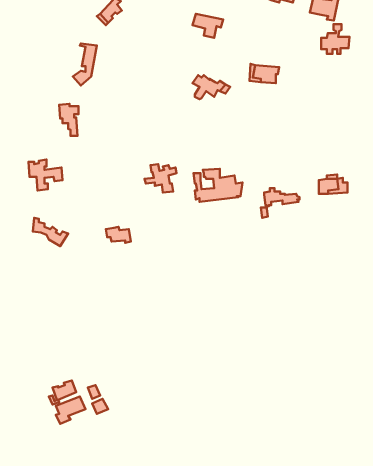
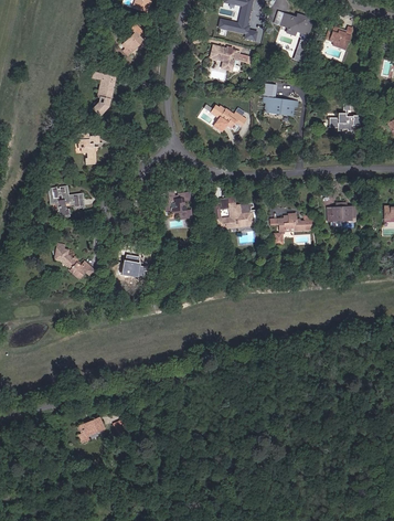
building: [321,24,350,54] -> [332,103,360,131]

